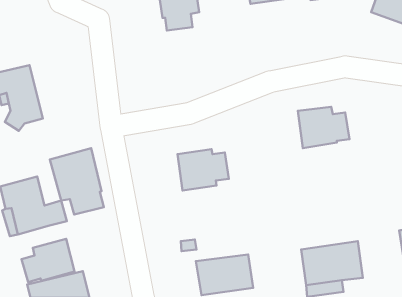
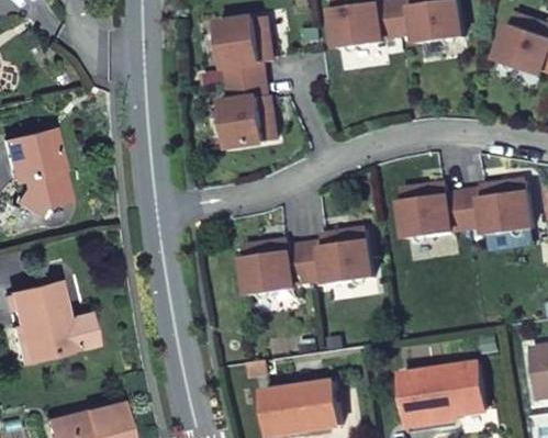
building: none -> [219,79,275,146]
building: none -> [463,180,532,235]
building: none -> [304,228,372,283]
building: [50,148,104,215] -> none
building: [22,239,75,282] -> none

